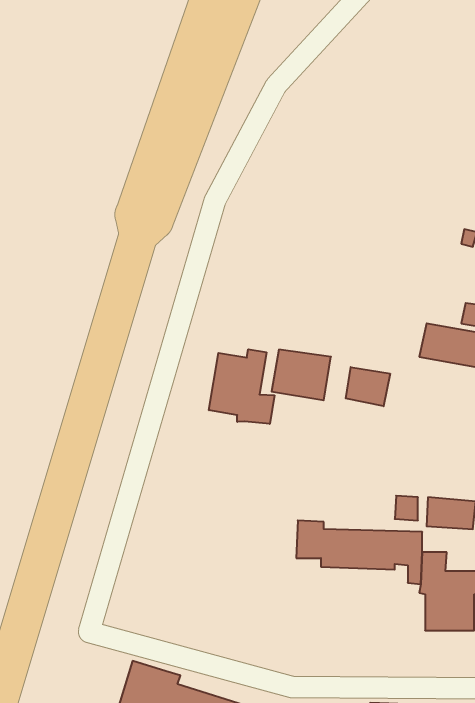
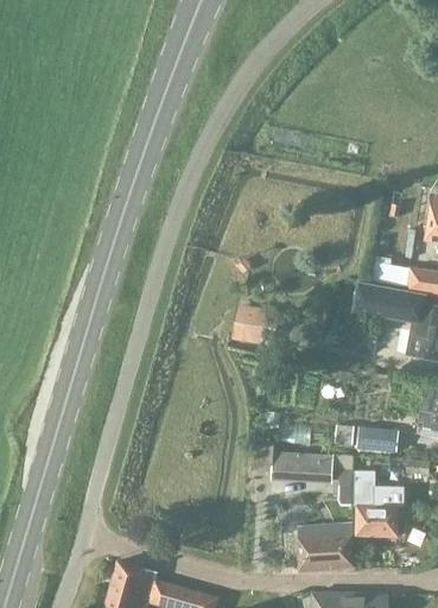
building: [209,349,274,424] -> none
building: [346,367,390,406] -> none
building: none -> [297,524,354,570]

